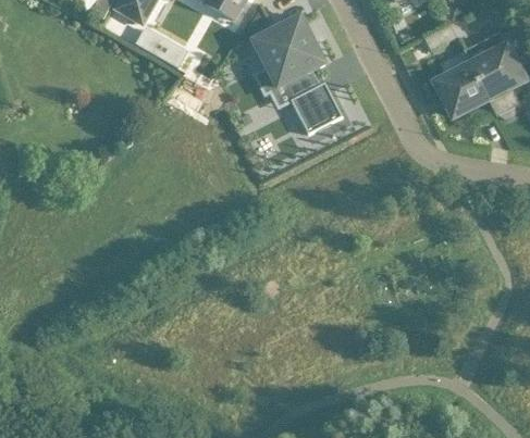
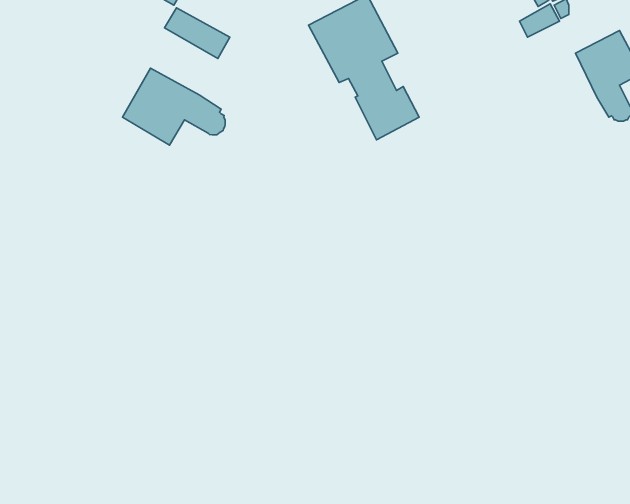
building: [437,64,488,116] -> none
building: none -> [122,68,225,145]

